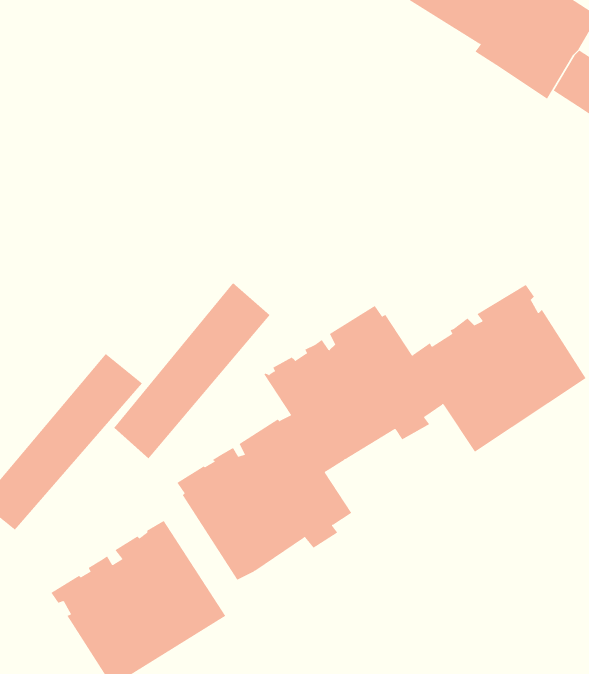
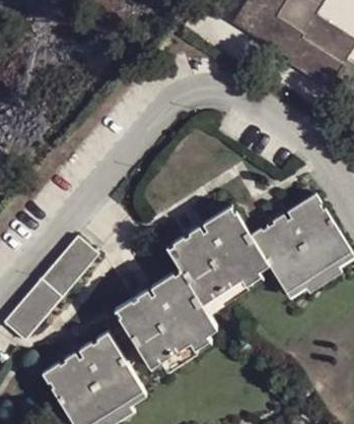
building: [113,282,270,459] -> none

